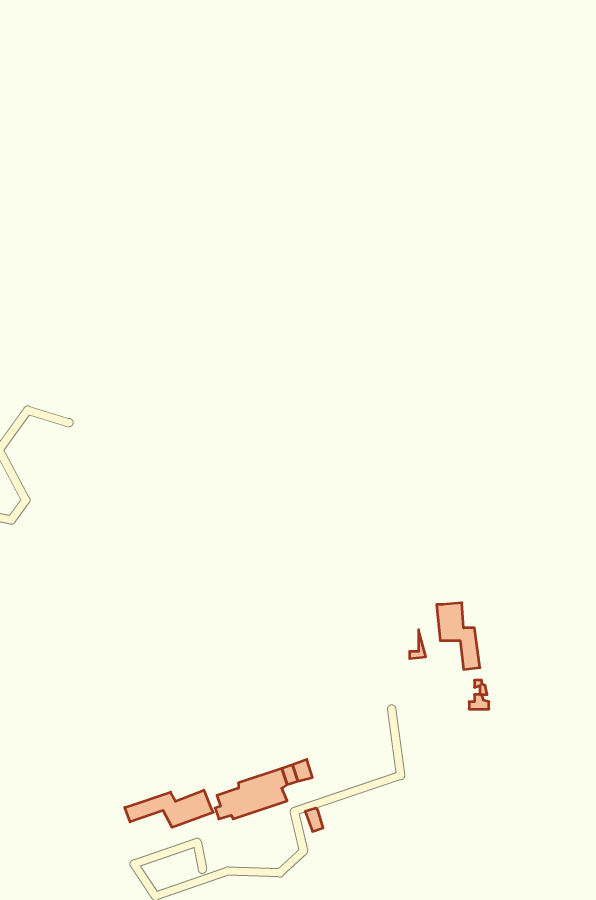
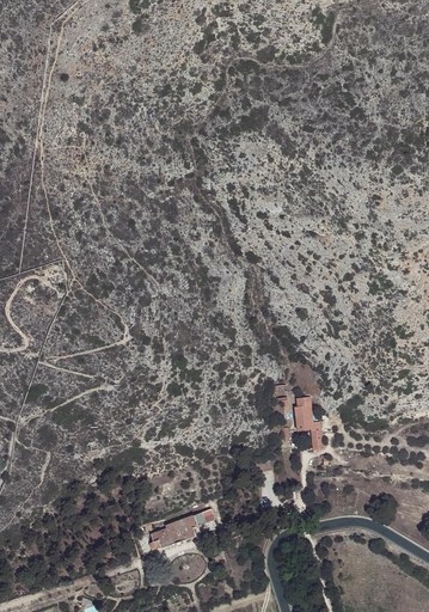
building: [125,790,213,827] -> none

